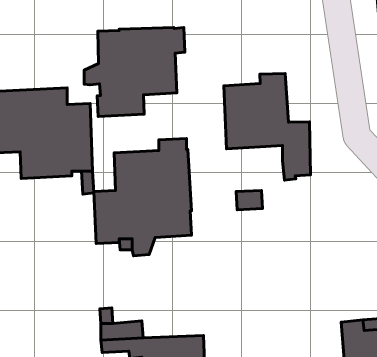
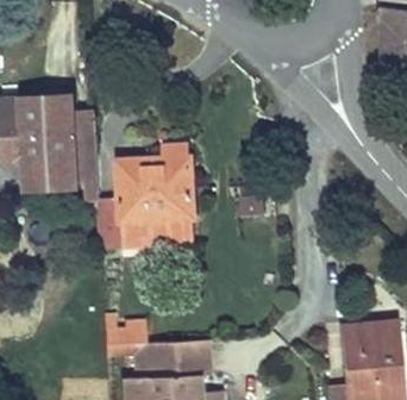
building: [84,27,185,116] -> none
building: [224,73,311,180] -> none

